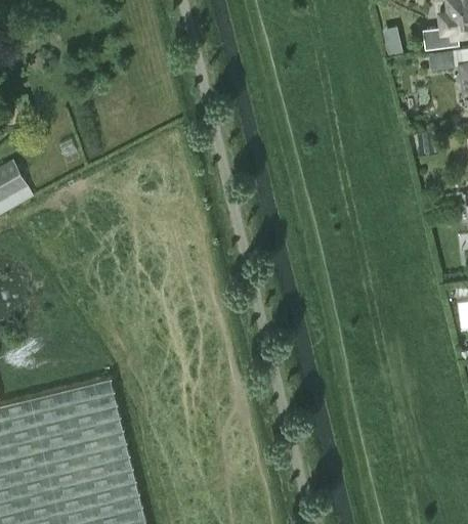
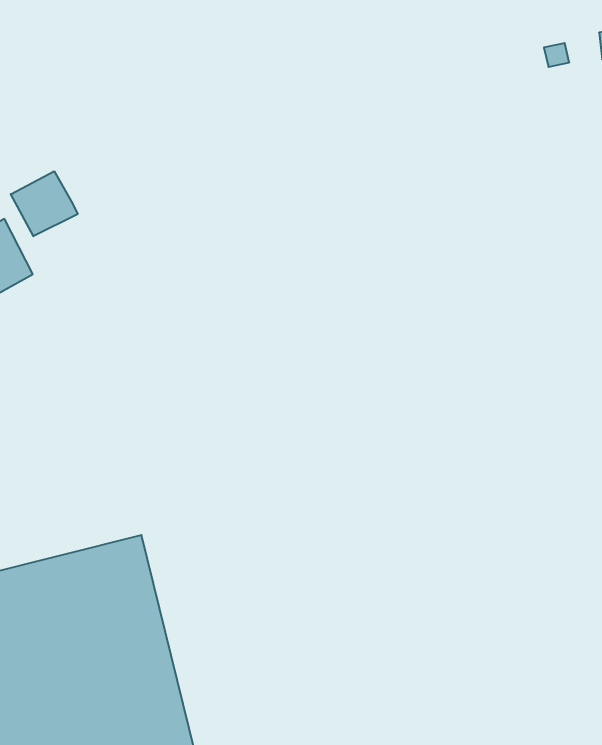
building: none -> [11,171,78,236]

